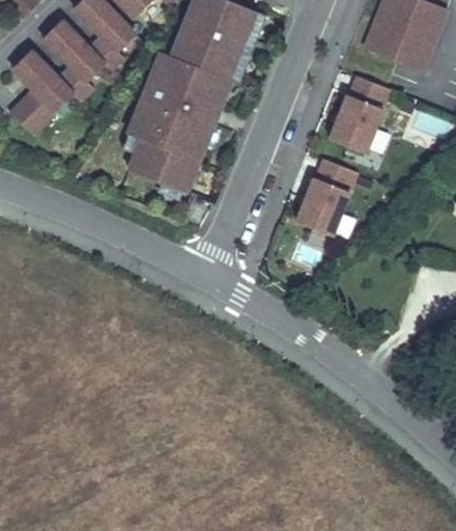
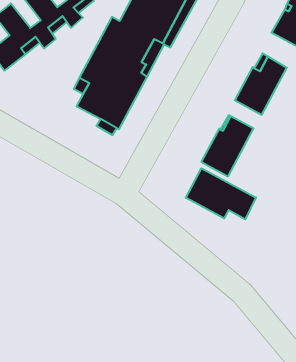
building: none -> [186,168,256,219]

